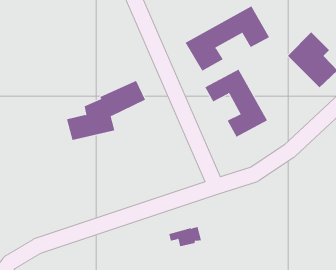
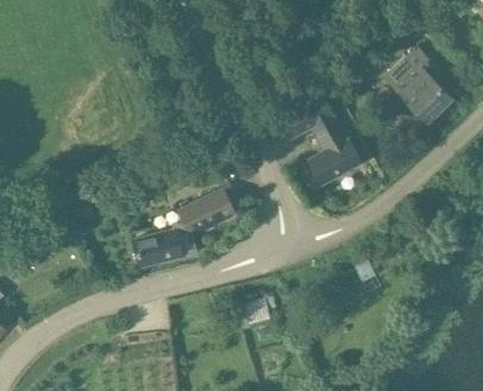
building: [185,5,270,71] -> none
building: [66,80,146,141] -> [133,189,236,266]

